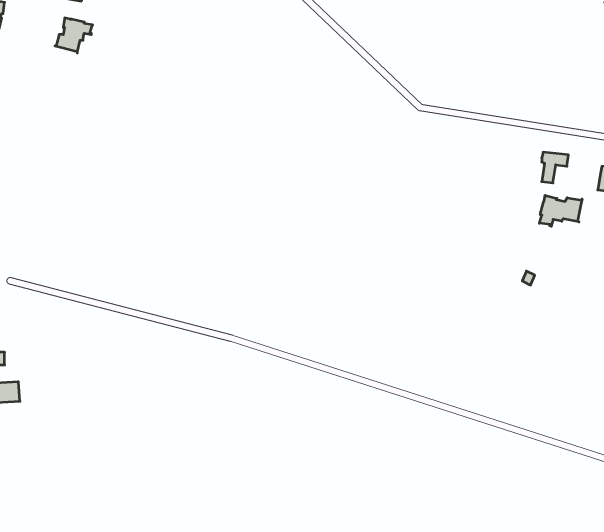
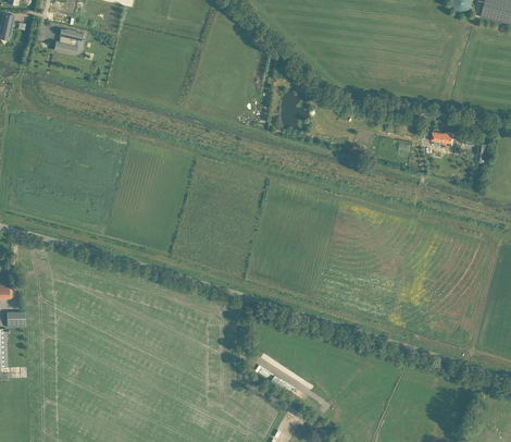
building: [539,195,582,226] -> none

